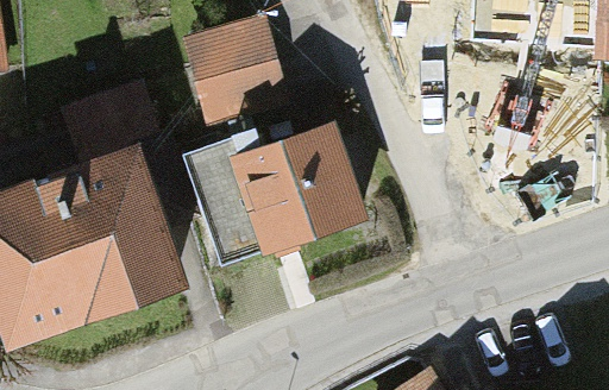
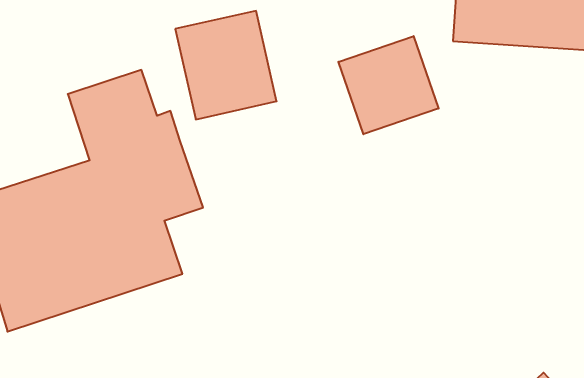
building: none -> [338,36,439,134]
building: [187,126,366,269] -> none

